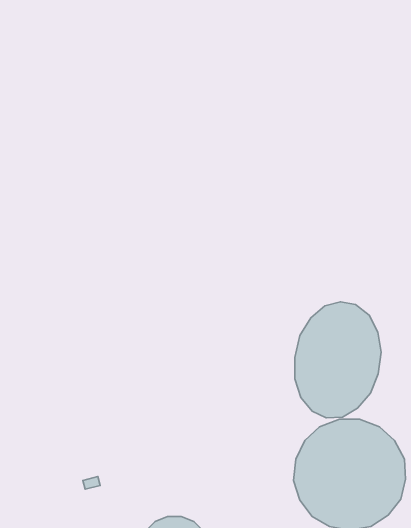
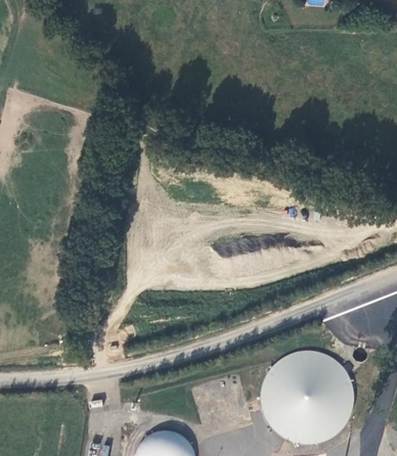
building: [295,302,381,418] -> none

